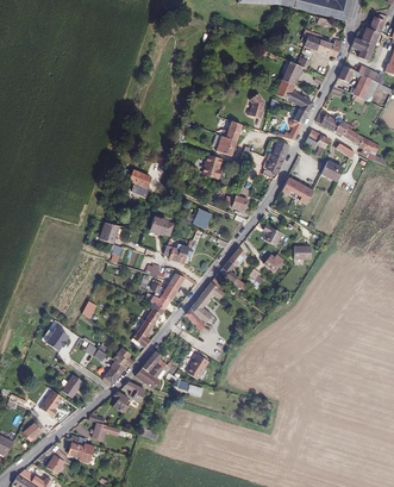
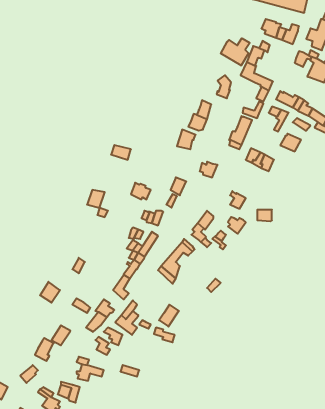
building: none -> [221,38,250,66]

